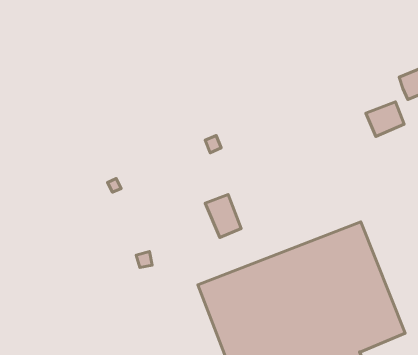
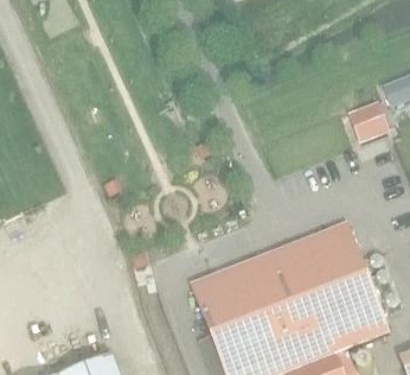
building: [205,194,241,238] -> none

